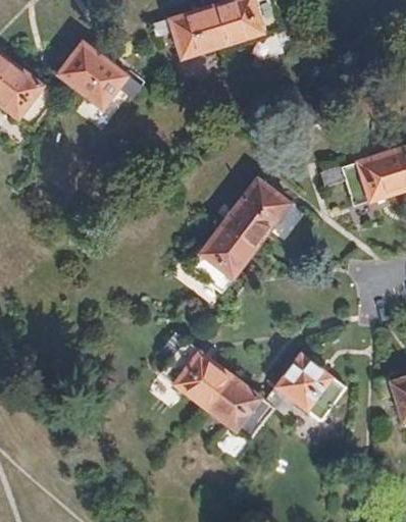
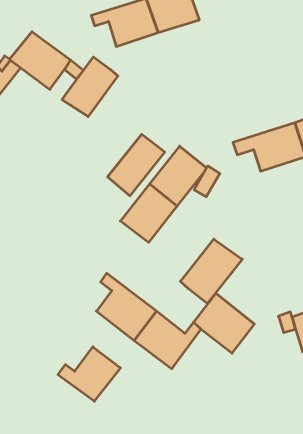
building: none -> [62,57,118,117]
building: none -> [108,134,165,196]
building: none -> [180,239,242,304]
building: none -> [58,347,120,401]

